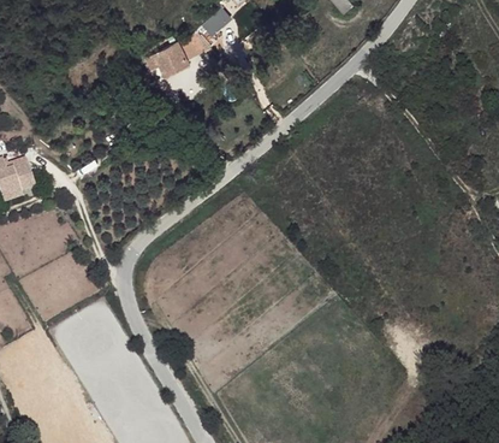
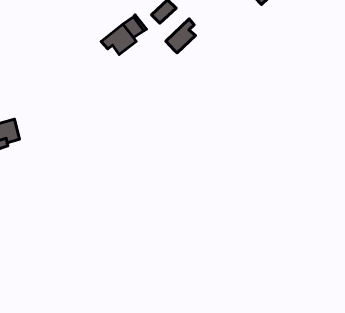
building: none -> [166,19,195,53]

